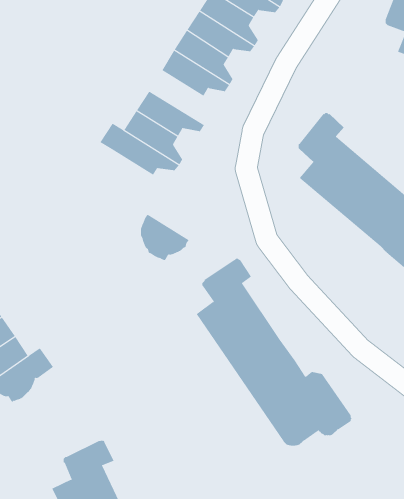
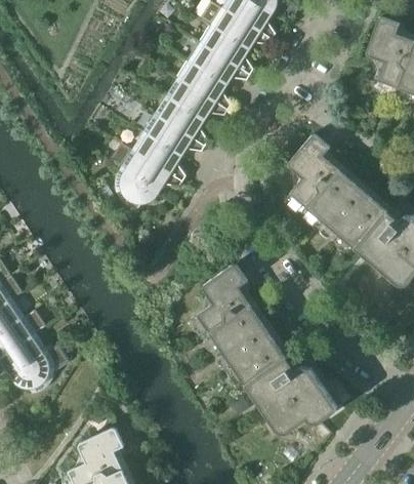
building: none -> [155,96,208,146]
building: [140,214,190,261] -> [115,167,159,209]

